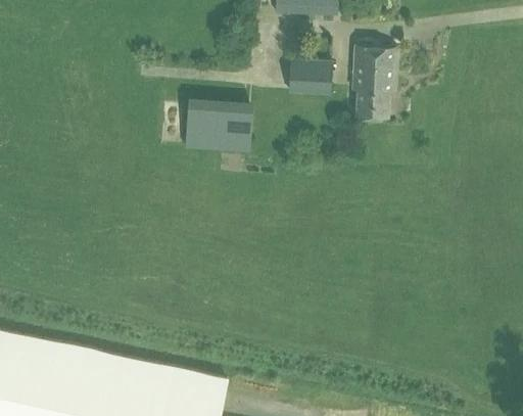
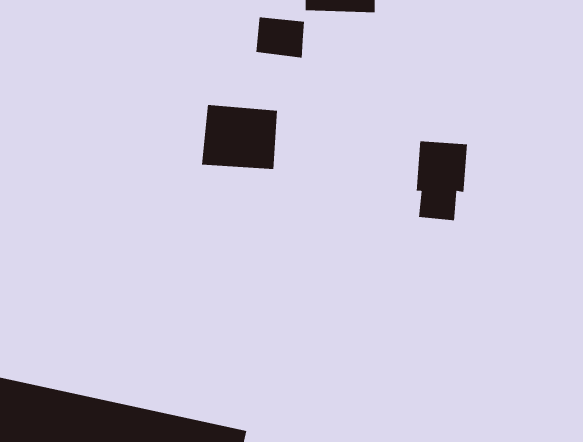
building: [353,47,398,117] -> [416,141,468,221]
building: [288,60,331,96] -> [255,17,305,58]

